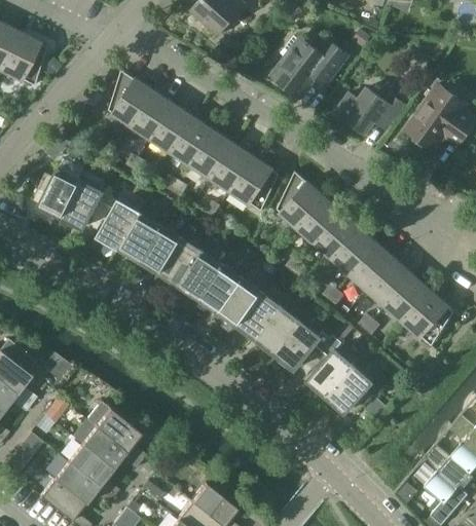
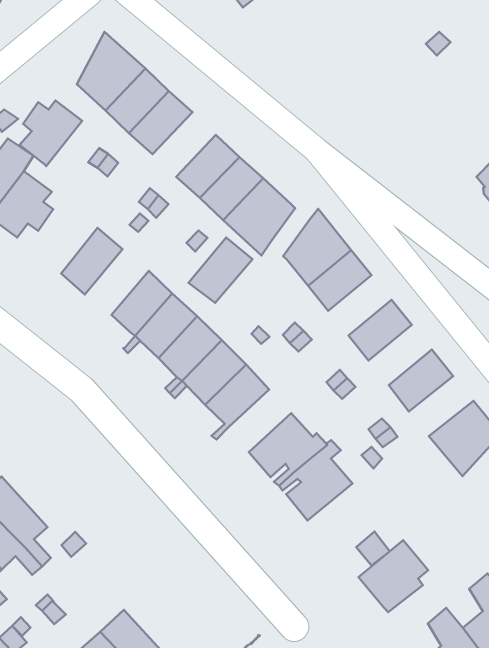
building: [271,37,347,97] -> none
building: [334,88,403,134] -> none
building: [170,117,213,165] -> none
building: [97,200,139,249] -> [20,101,82,166]
building: [315,213,359,259] -> none
building: [138,224,181,272] -> [189,237,253,303]
building: [350,243,394,290] -> none
building: [385,275,430,322] -> none
building: [250,307,300,354] -> none
building: [325,365,374,418] -> [358,540,428,612]

